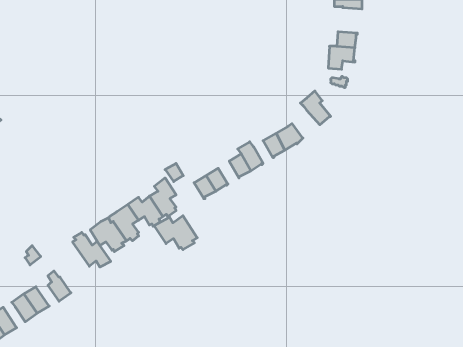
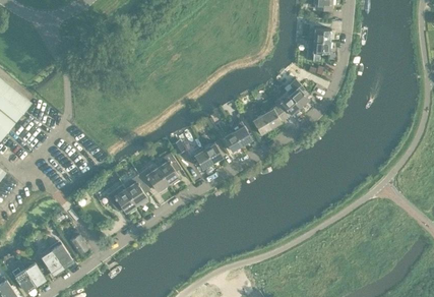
building: none -> [273,92,300,119]
building: [154,216,197,250] -> none
building: [73,232,111,267] -> none

